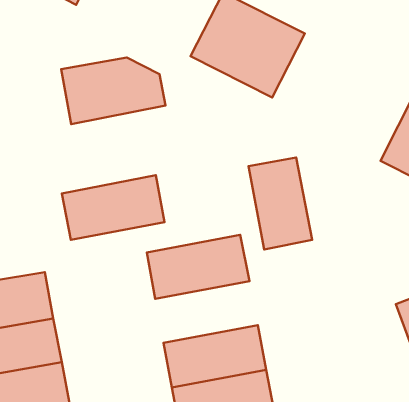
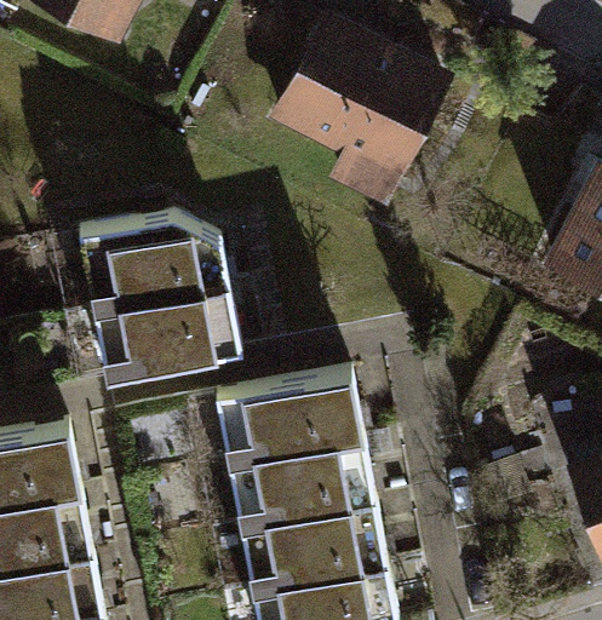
building: [61,57,165,124] -> [78,223,228,318]
building: [249,157,312,249] -> none
building: none -> [227,444,374,533]

